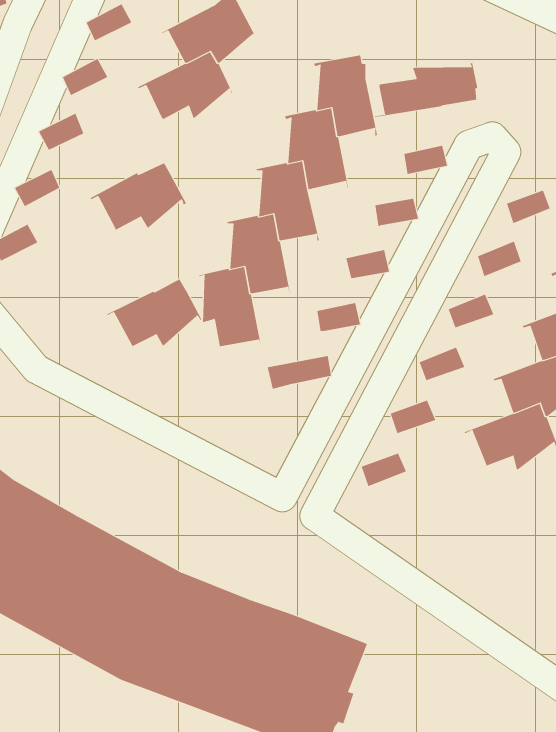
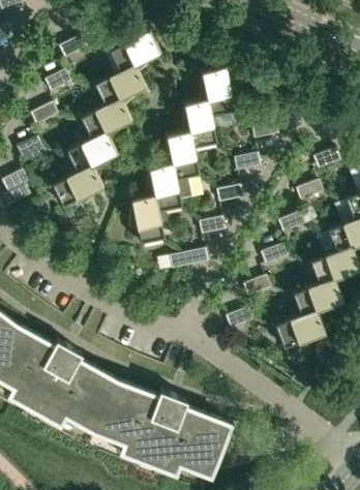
building: [374,63,478,118] -> none
building: none -> [77,95,134,136]
building: [107,278,202,347] -> [49,162,107,204]
building: none -> [271,307,329,358]

